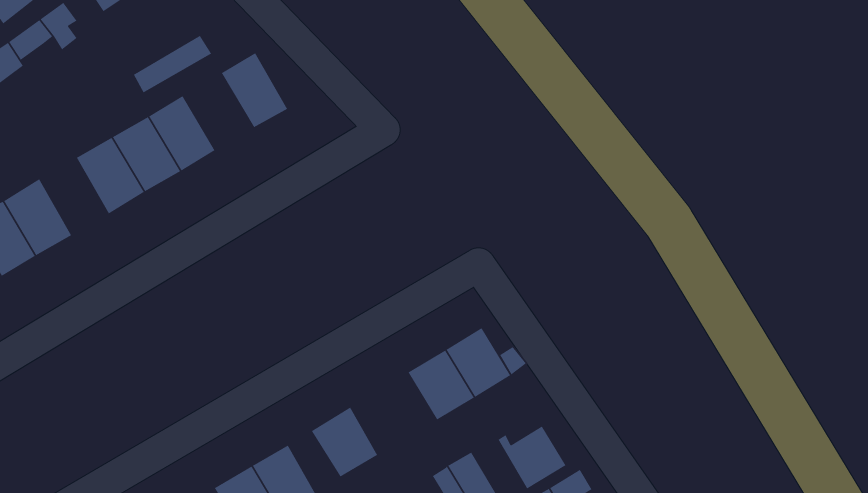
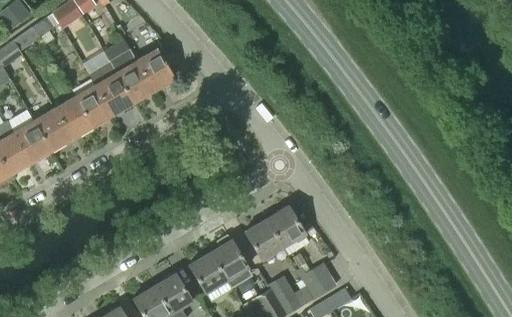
building: none -> [109,50,155,104]
building: none -> [31,108,71,153]
building: none -> [211,240,250,280]

